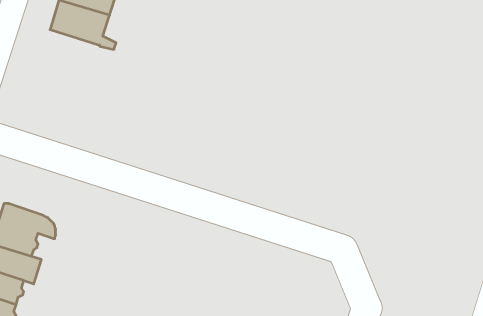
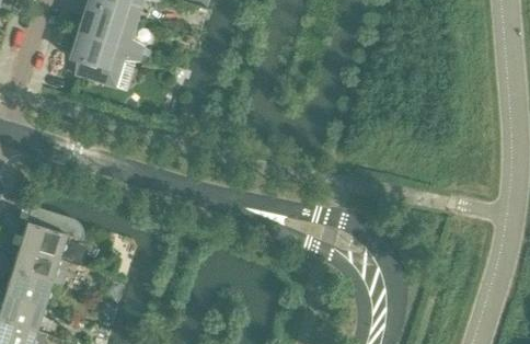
building: none -> [68,34,140,89]

